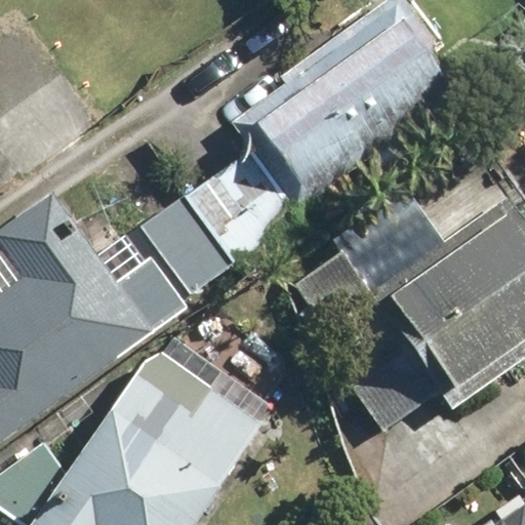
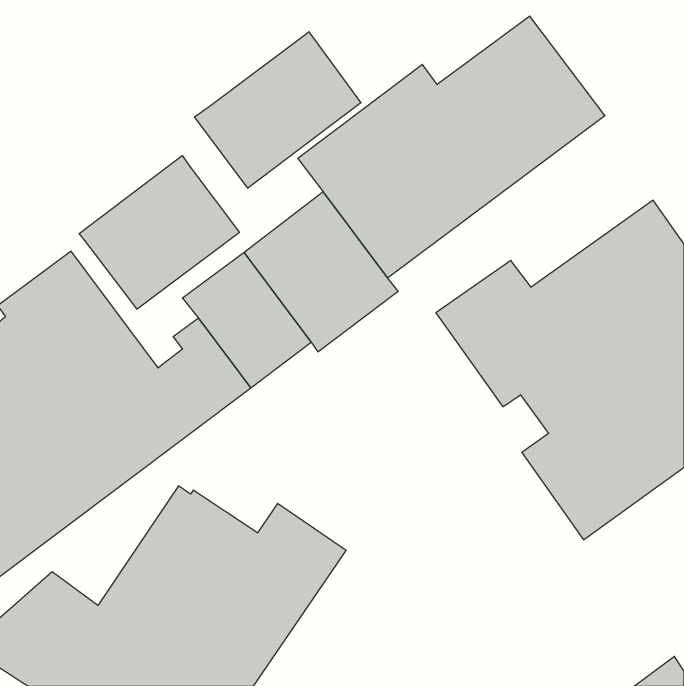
building: none -> [195,32,361,188]
building: none -> [79,156,239,309]

